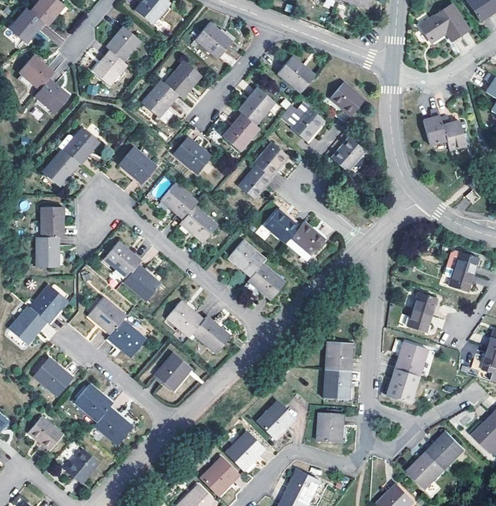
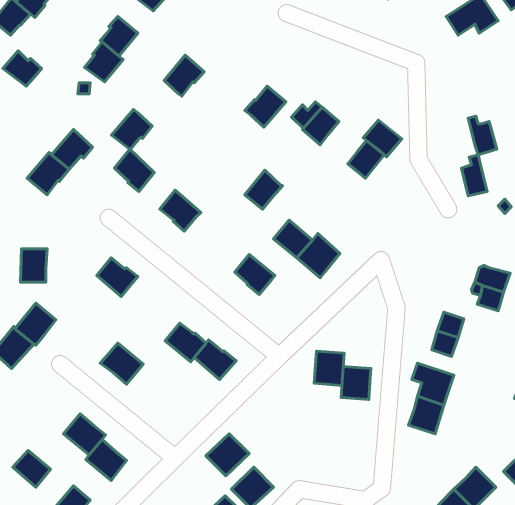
building: [195,22,235,58] -> none
building: [277,56,313,92] -> none
building: [34,77,70,113] -> none
building: [141,80,178,116] -> [111,110,152,149]
building: [329,82,364,115] -> [363,120,402,157]
building: [423,108,446,145] -> [462,155,487,196]
building: [222,114,259,151] -> none
building: [173,137,209,173] -> none
building: [254,142,287,177] -> none
building: [39,205,64,235] -> none
building: [181,206,217,242] -> none
building: [249,263,285,299] -> none
building: [123,266,160,301] -> none
building: [88,297,126,334] -> none
building: [154,352,191,391] -> none
building: [32,358,71,395] -> none
building: [323,369,350,400] -> [314,351,344,385]
building: [256,401,295,439] -> [206,434,249,476]
building: [318,413,345,443] -> none

